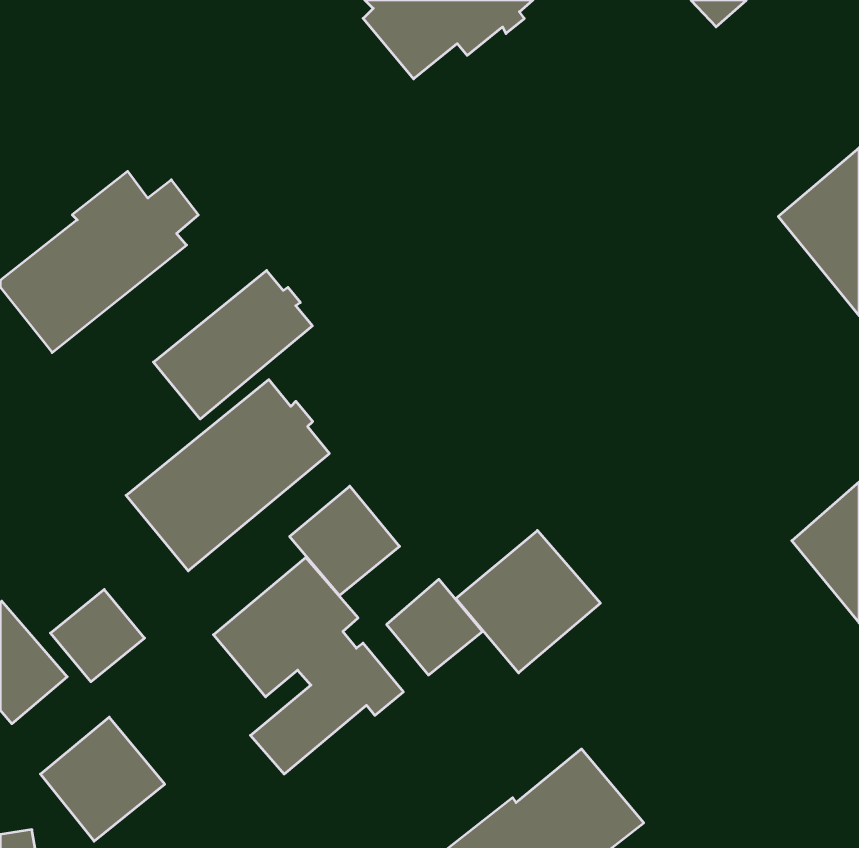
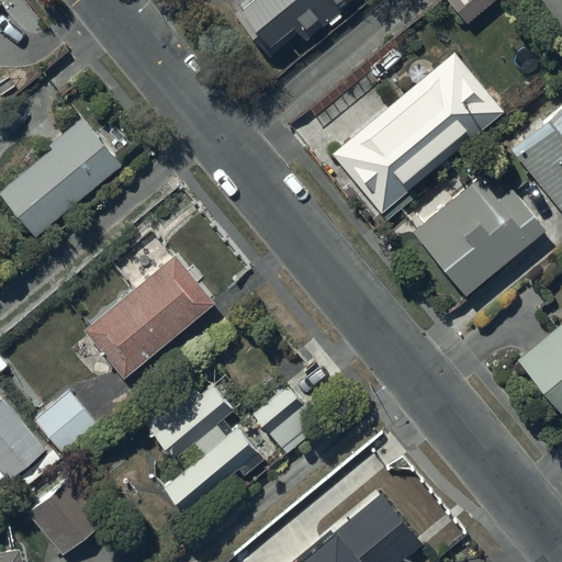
building: none -> [330,53,507,223]
building: none -> [412,180,544,295]
building: [153,270,312,419] -> none
building: [290,486,400,596] -> none
building: [456,530,600,673] -> none

